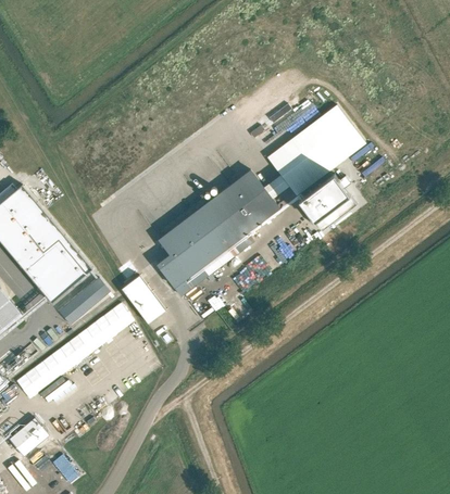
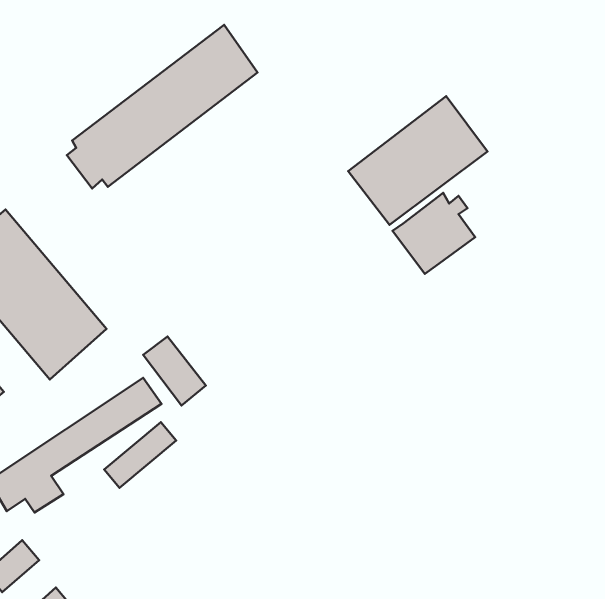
building: none -> [67,25,258,188]
building: [157,169,278,296] -> none
building: [61,280,112,327] -> [104,422,176,488]

